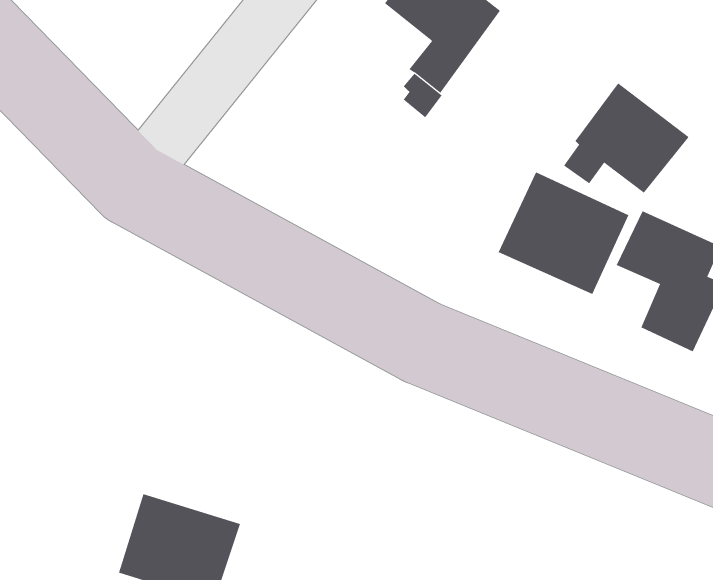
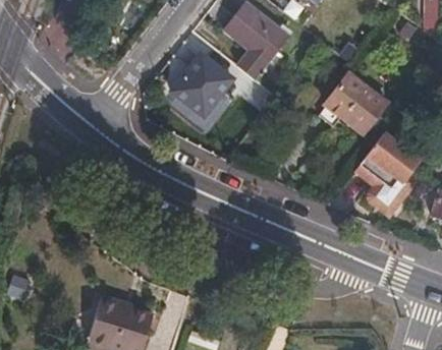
building: none -> [168,52,232,118]
building: [498,172,629,295] -> none

